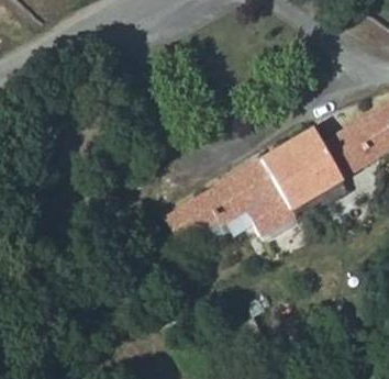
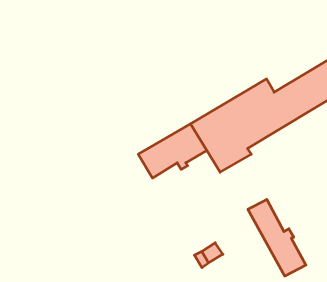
building: none -> [248,199,306,276]

